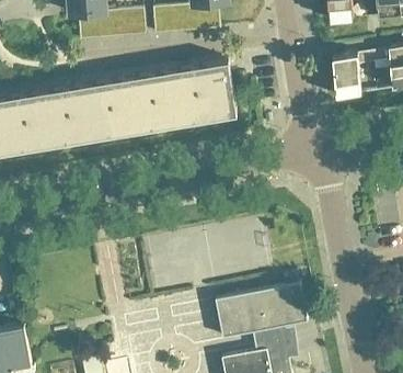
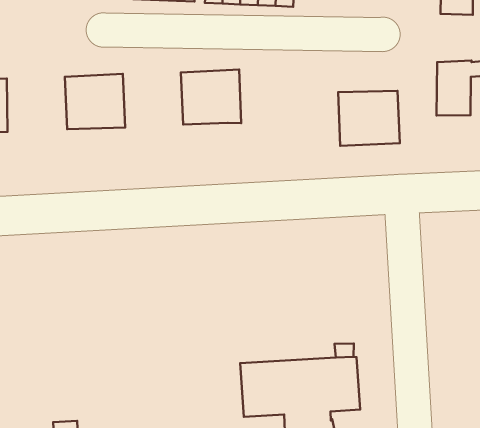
building: [186,74,237,120] -> [338,91,400,146]
building: [101,88,150,134] -> none
building: [15,102,65,148] -> none

